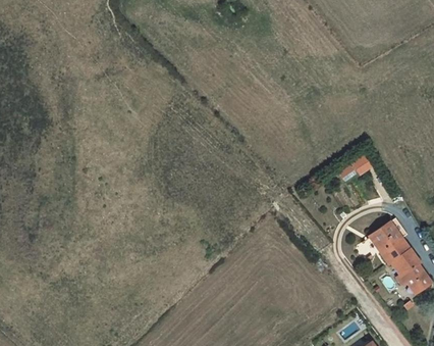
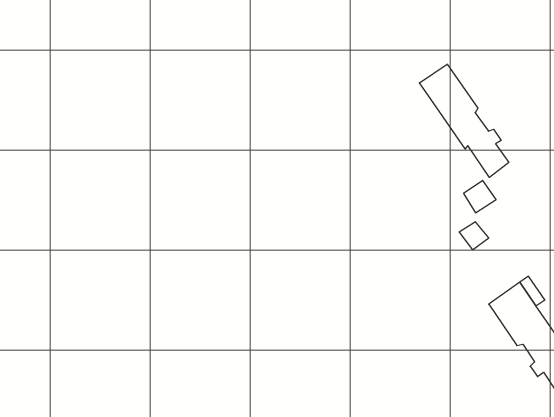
building: none -> [419,64,509,177]

